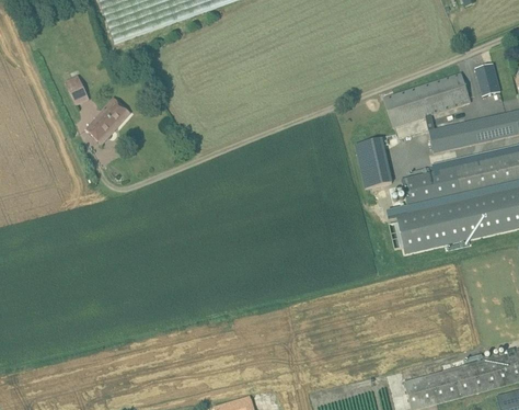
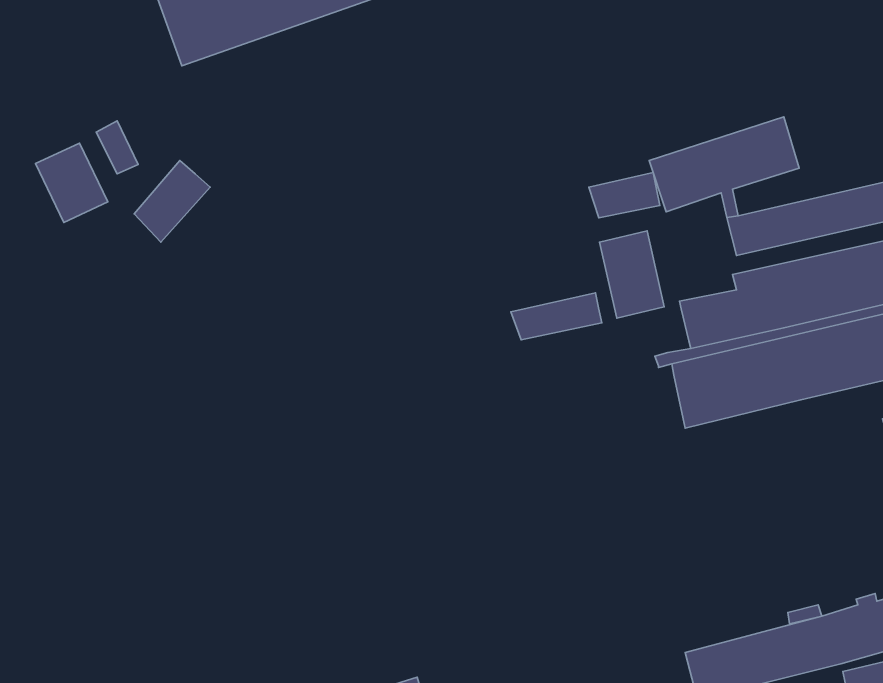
building: [474,64,500,96] -> none
building: none -> [36,143,108,222]
building: none -> [589,173,660,218]
building: none -> [511,293,602,340]

